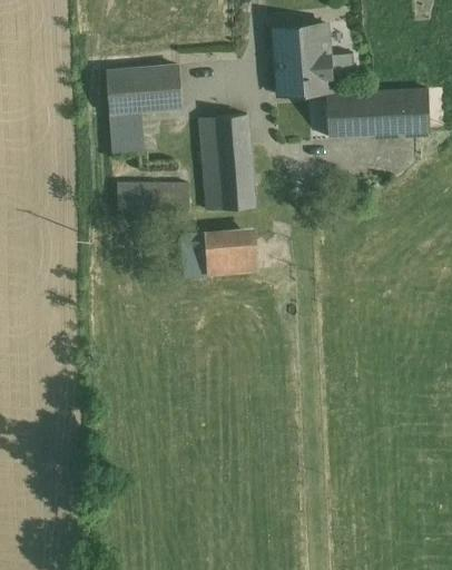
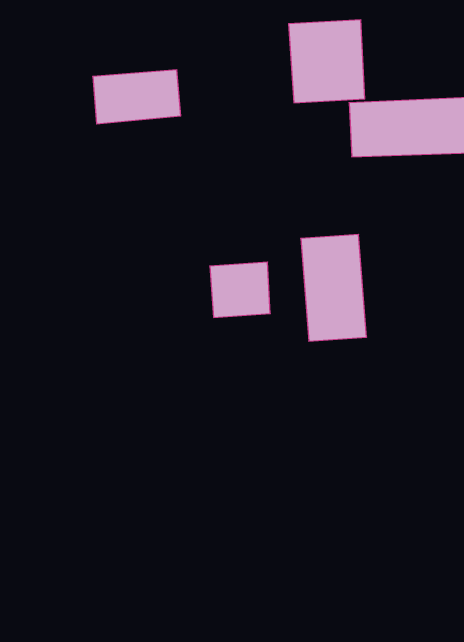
building: [107,115,145,158] -> none
building: [198,118,254,208] -> [301,234,367,341]
building: [118,181,189,210] -> none

